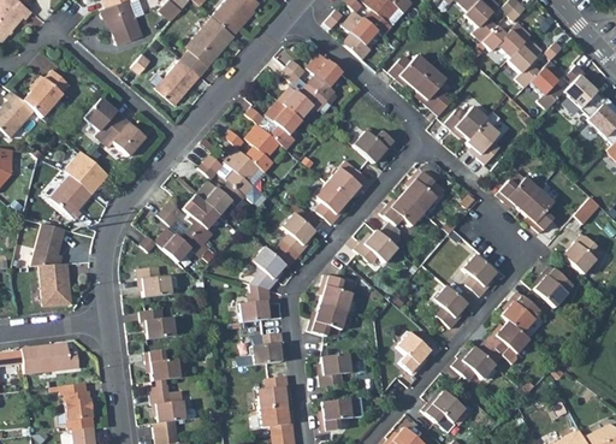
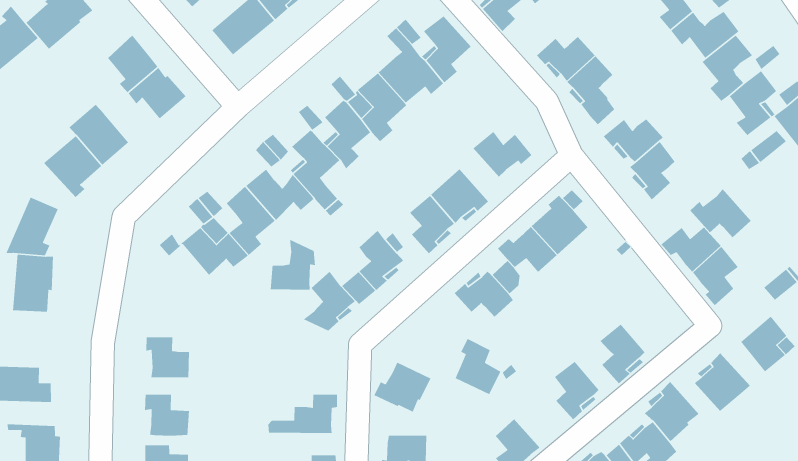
building: none -> [689,188,752,238]
building: [136,266,171,297] -> none
building: [320,273,353,312] -> [455,338,501,395]
building: [239,283,271,321] -> [270,238,316,291]

